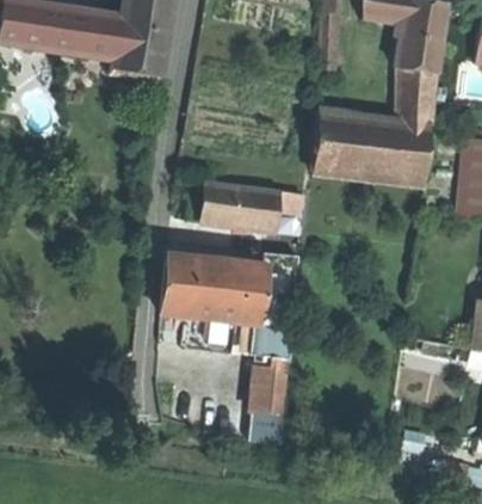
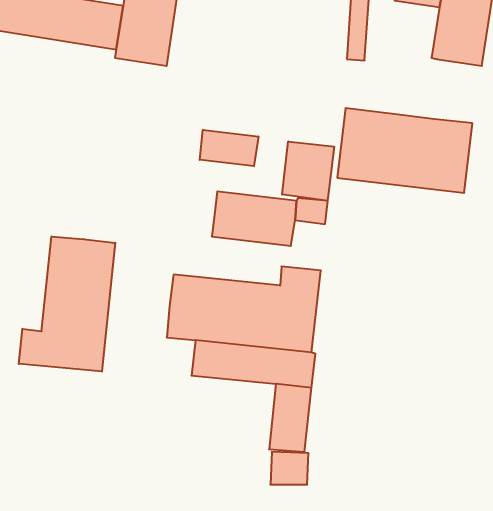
building: [395,67,437,123] -> none
building: none -> [200,130,258,166]
building: none -> [282,141,334,201]
building: none -> [19,236,115,372]

